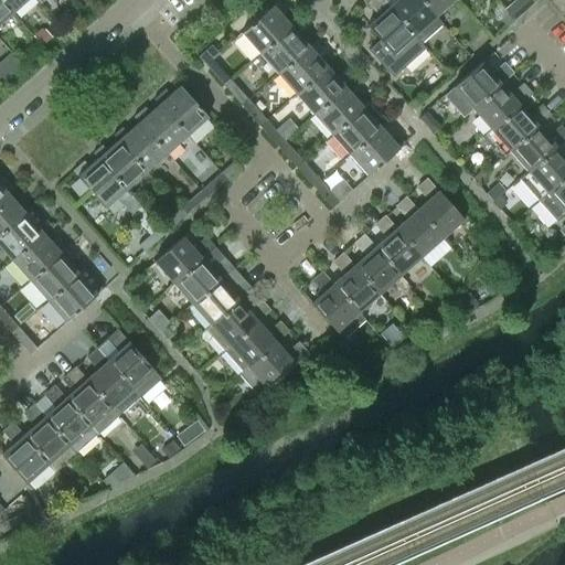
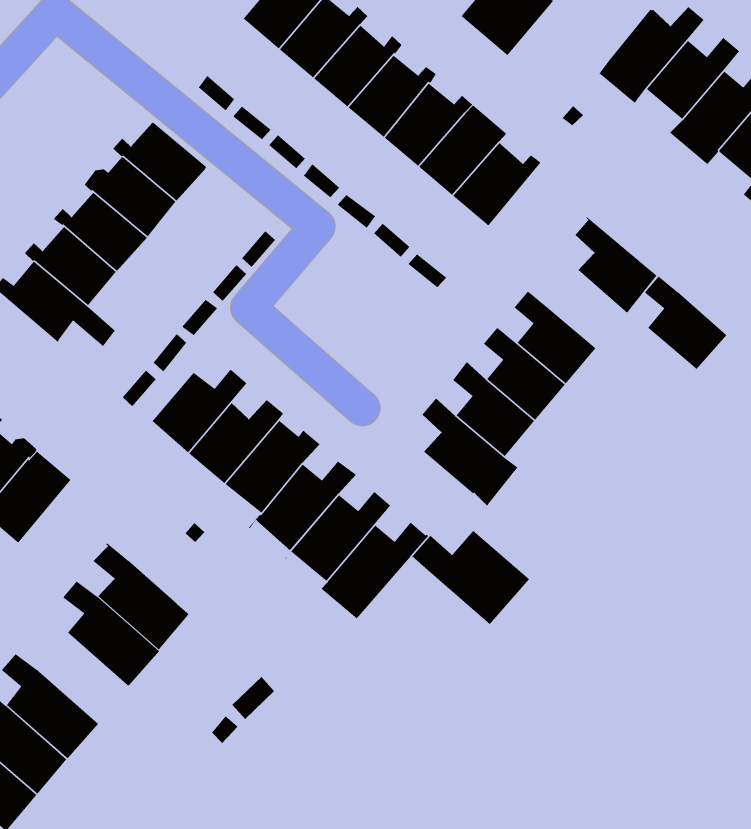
building: [396,198,443,256] -> [644,275,727,370]
building: none -> [411,530,530,625]
building: [63,367,119,435] -> none

